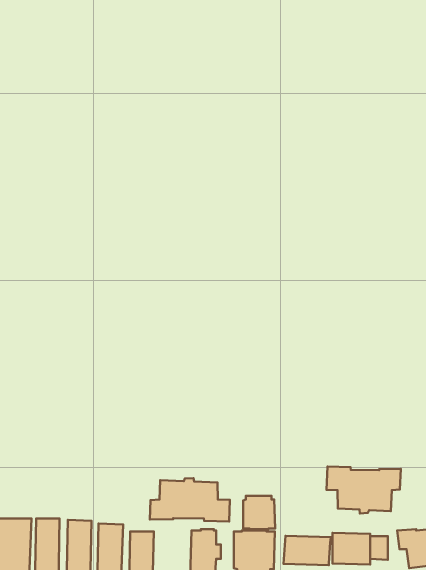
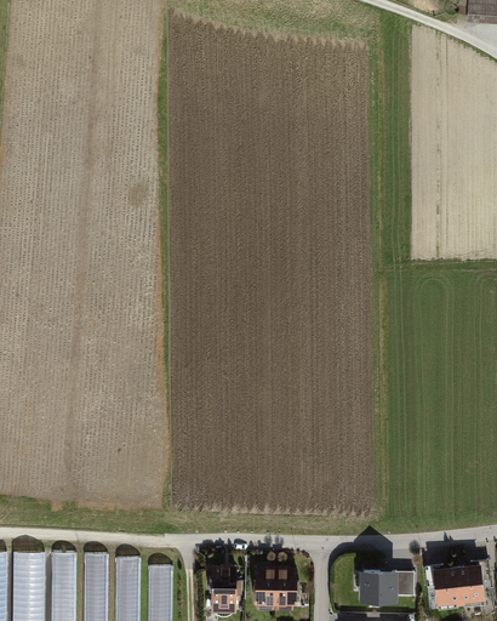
building: [327,466,401,513] -> none
building: [150,478,230,522] -> none
building: [243,496,275,529] -> none
building: [283,536,331,565] -> none

